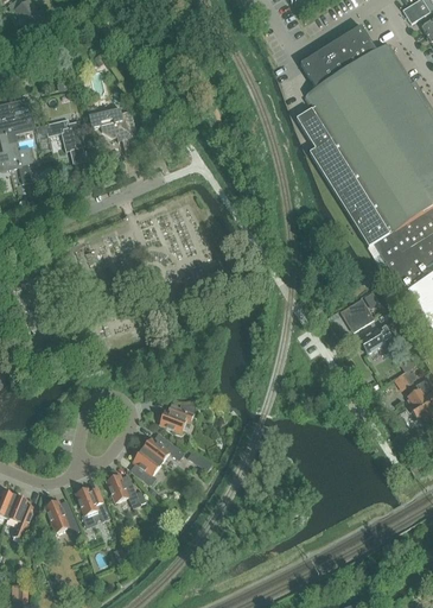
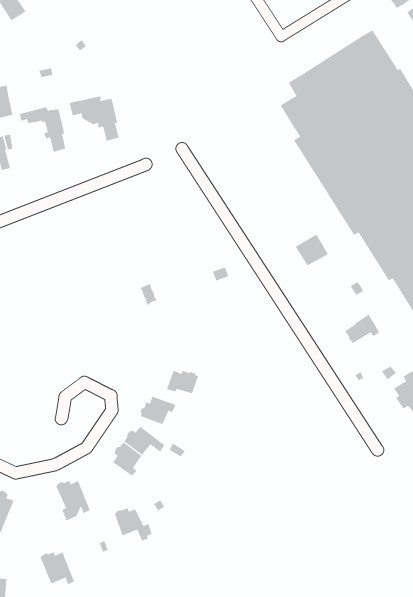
building: [300,25,376,88] -> none
building: [342,298,375,330] -> [295,234,329,266]
building: none -> [167,370,199,394]
building: [107,474,145,507] -> [114,507,152,541]
building: [45,500,79,533] -> [40,552,75,585]

